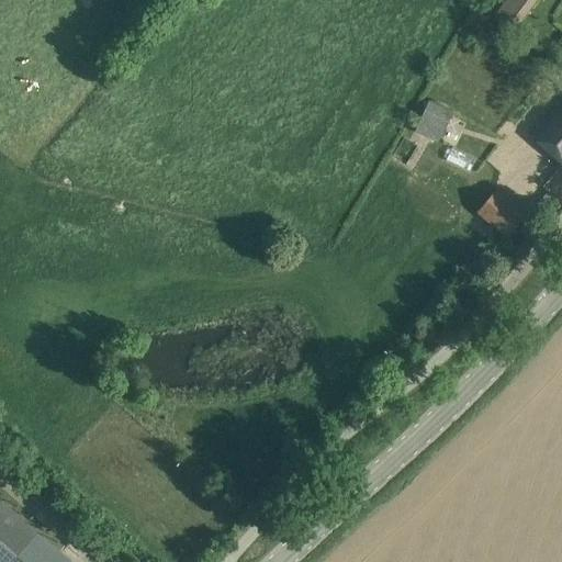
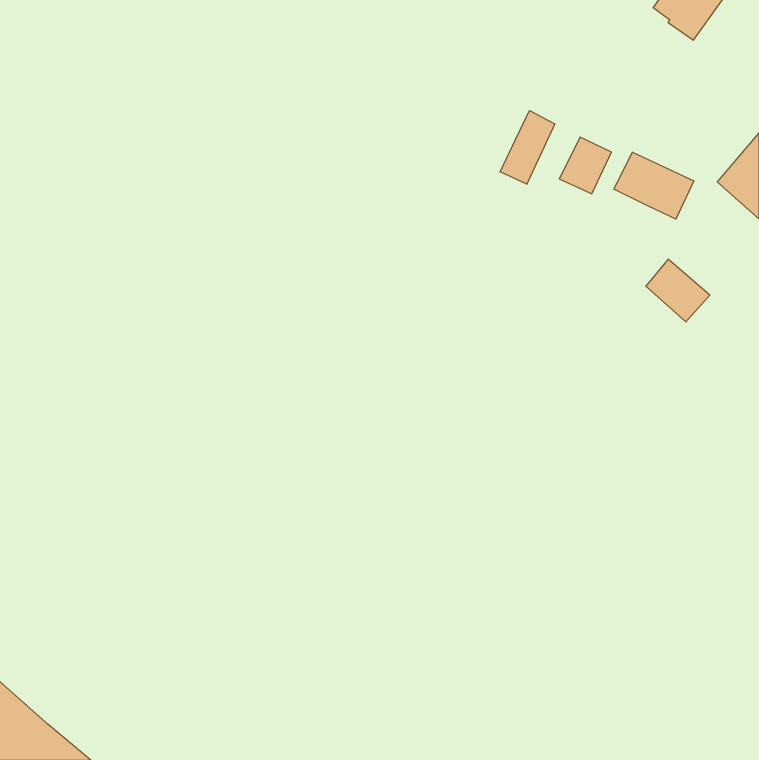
building: none -> [500,111,555,184]
building: none -> [614,152,694,219]

